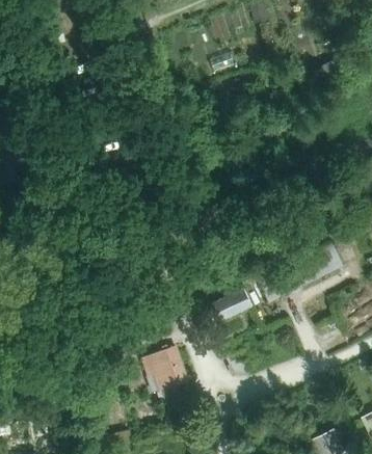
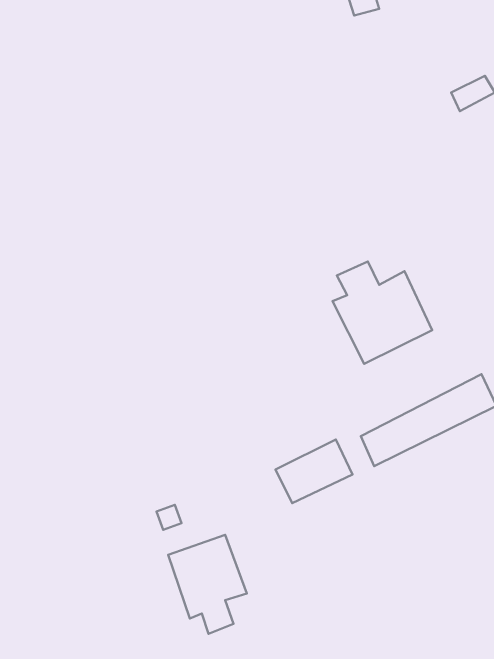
building: none -> [332,262,432,364]

